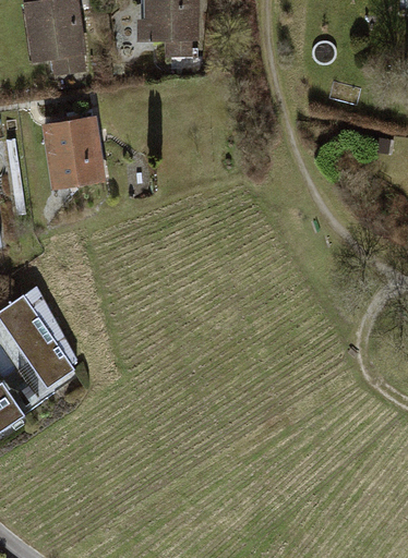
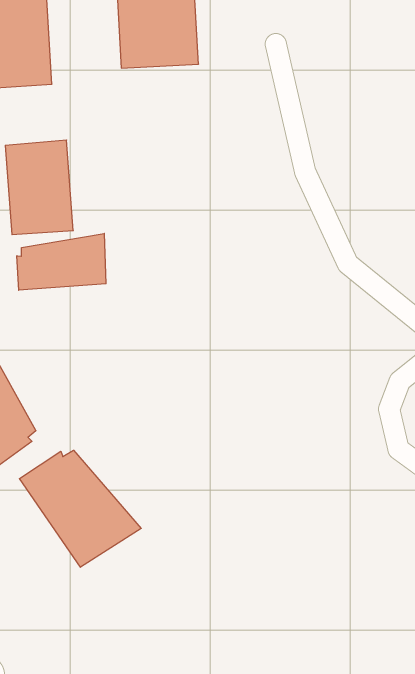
building: none -> [17,233,106,290]
building: none -> [19,450,141,567]

